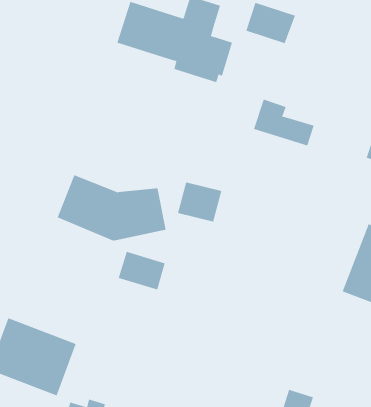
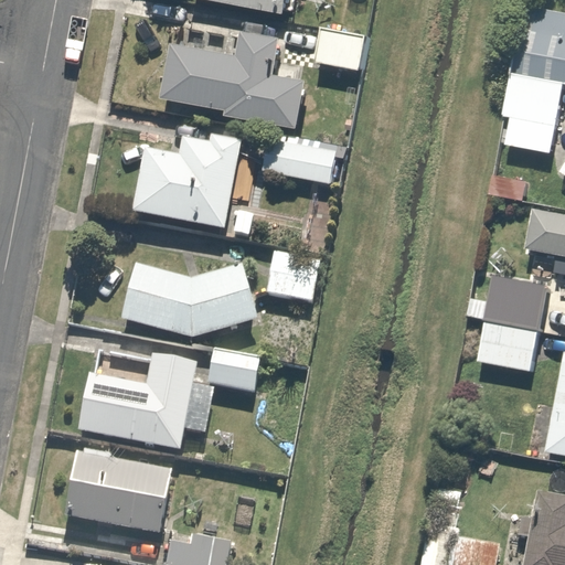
building: none -> [129,136,243,228]
building: [253,99,315,146] -> [267,128,341,178]
building: none -> [76,356,195,448]

